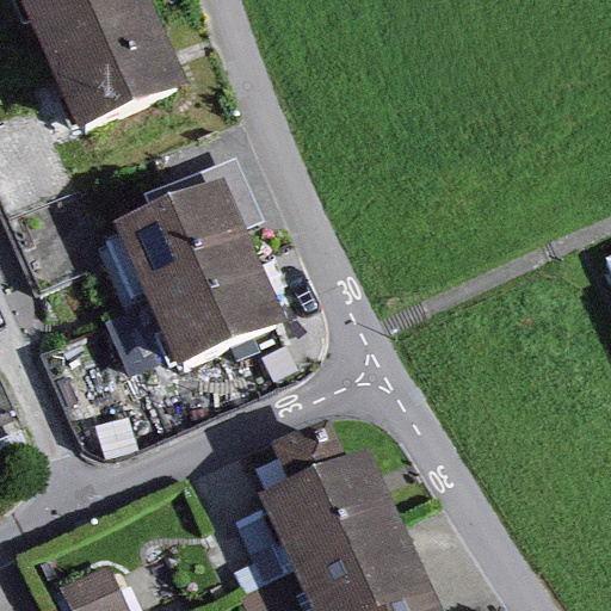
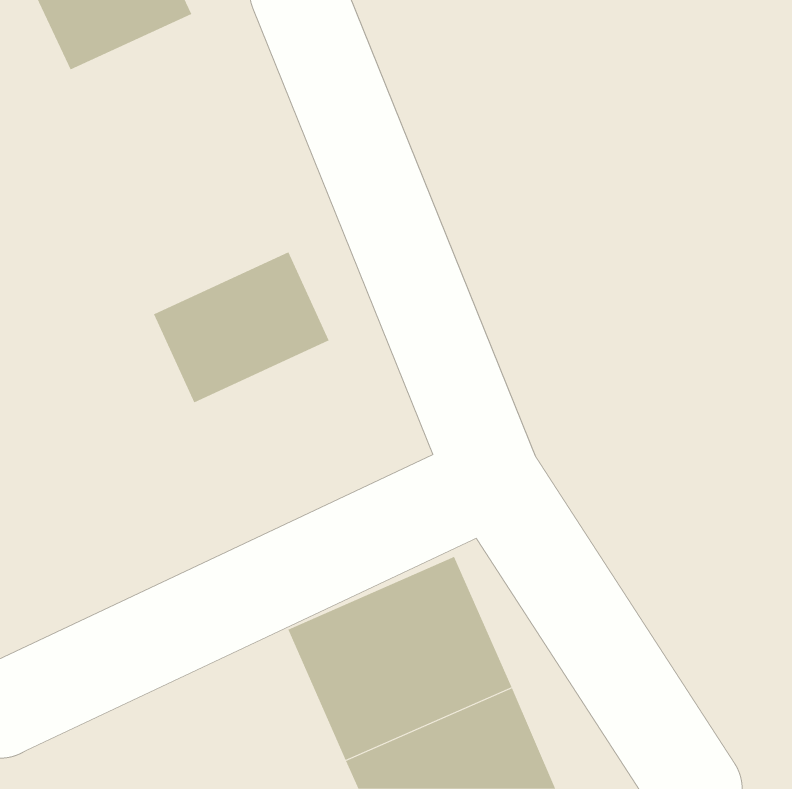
building: [58,11,184,124] -> none
building: [153,260,288,375] -> none

